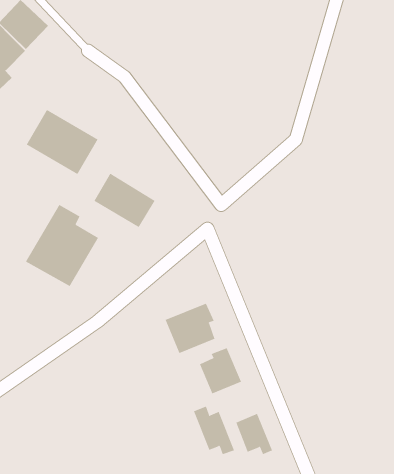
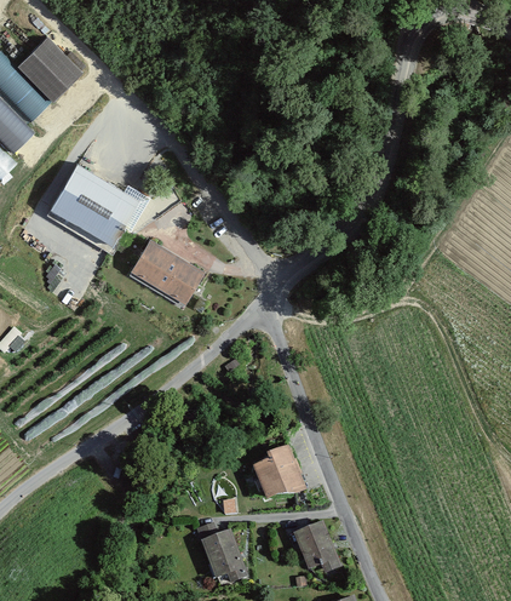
building: [25,204,99,287] -> none
building: [165,303,215,354] -> none
building: [193,406,235,455] -> [197,523,246,580]

